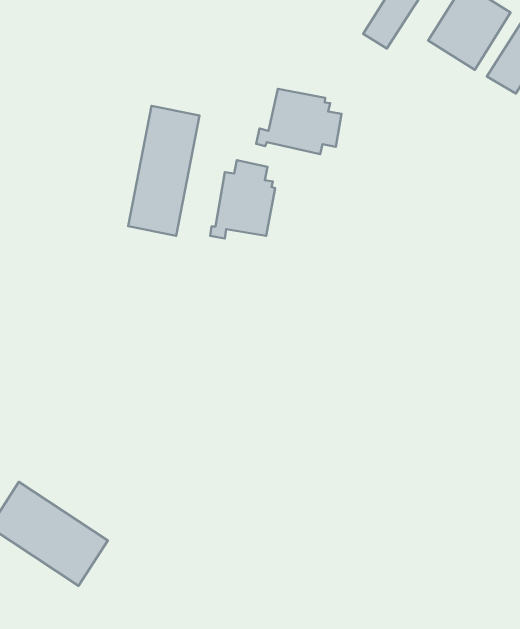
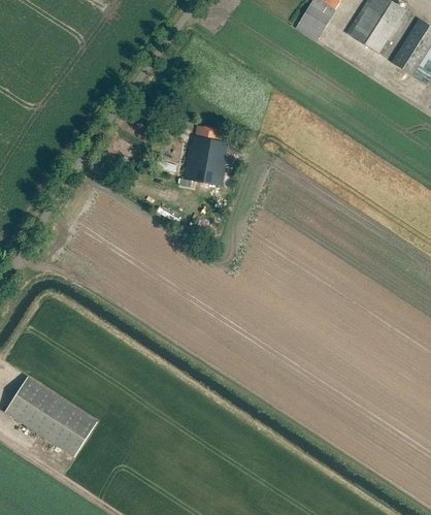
building: [256,89,341,154] -> none
building: [128,106,199,236] -> none

